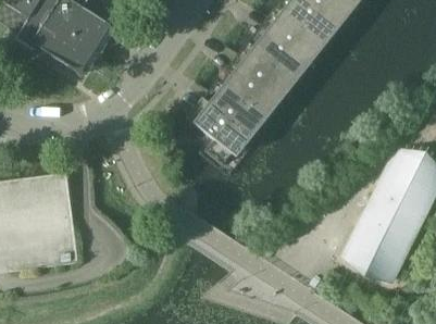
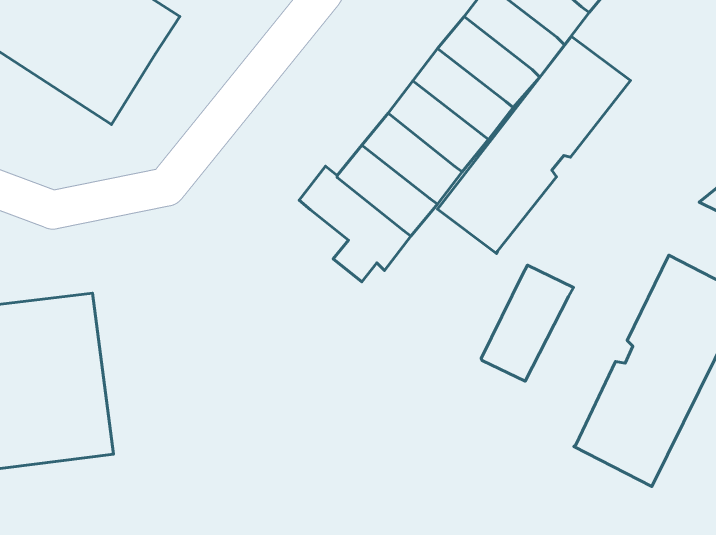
building: none -> [437,36,630,254]
building: none -> [481,265,574,381]

